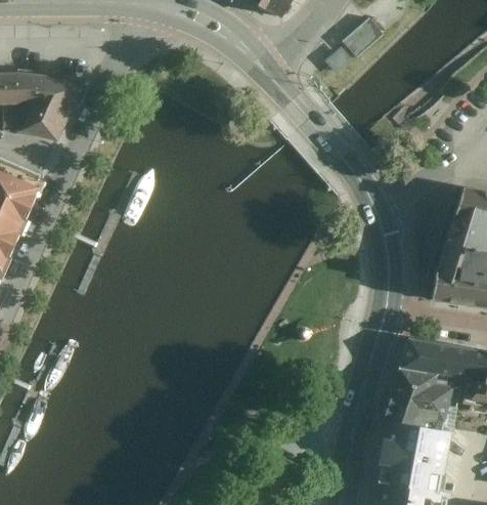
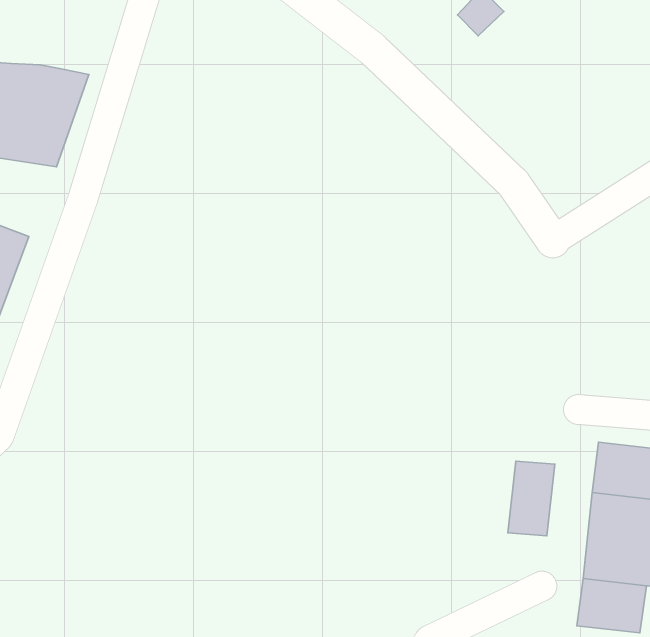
building: none -> [508,461,555,536]

